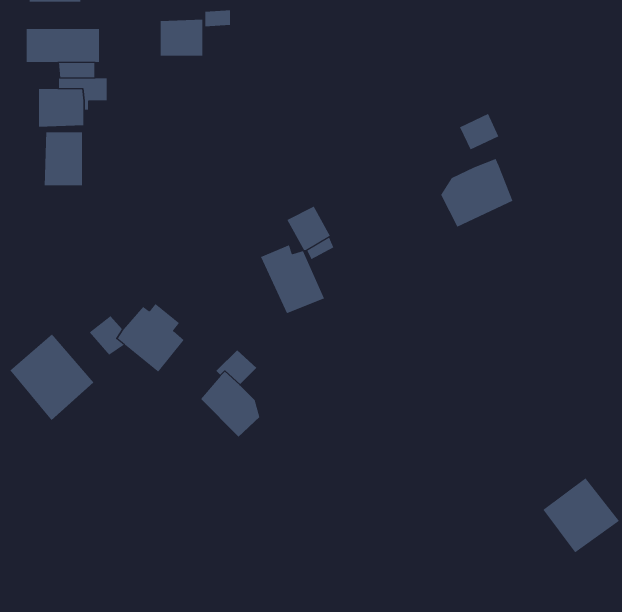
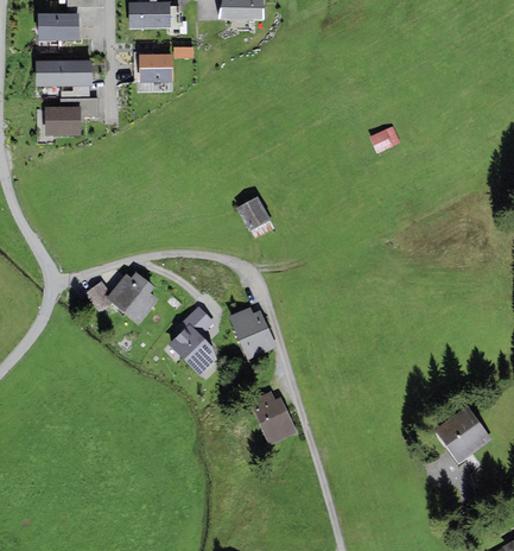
building: [44,132,82,186] -> none
building: [440,158,513,228] -> none
building: [260,244,325,314] -> [228,306,278,360]
building: [9,334,94,421] -> none
building: none -> [248,391,298,446]

